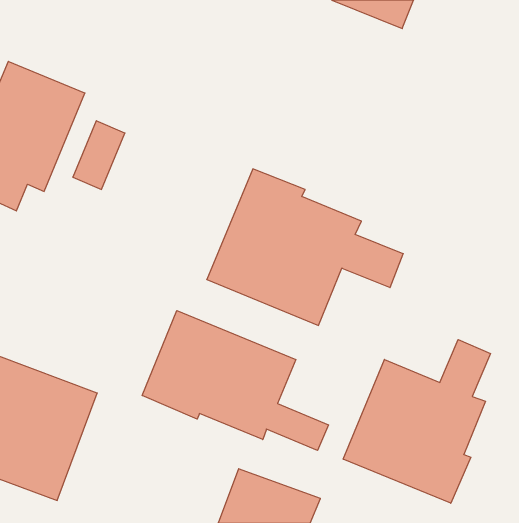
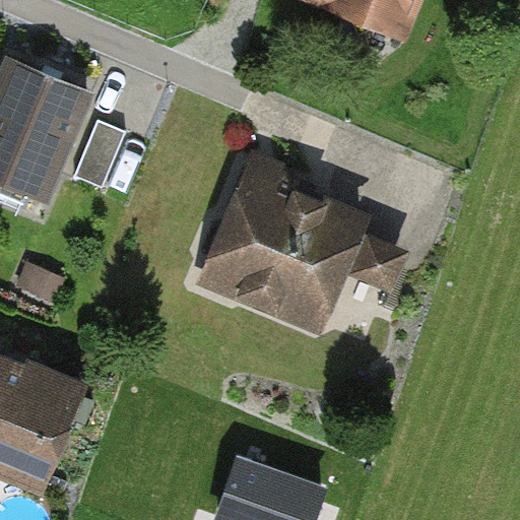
building: [142,311,329,450] -> none
building: [343,340,490,503] -> none

